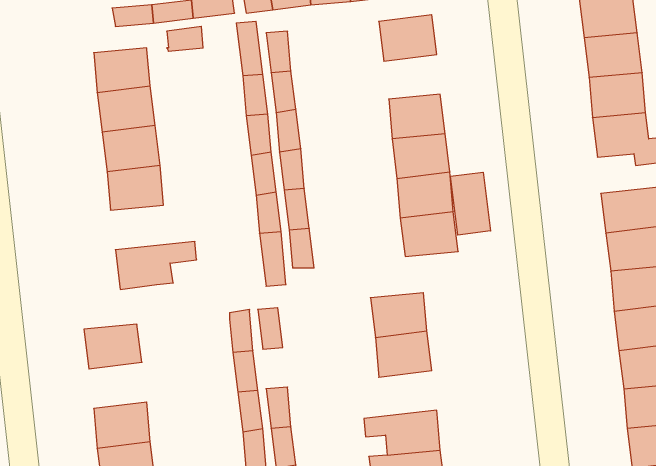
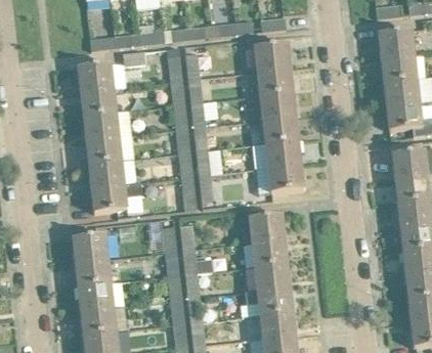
building: none -> [257,67,292,94]
building: [450,172,491,235] -> none
building: none -> [88,160,140,187]
building: none -> [182,248,213,273]
building: none -> [75,257,111,285]
building: none -> [245,262,290,292]

